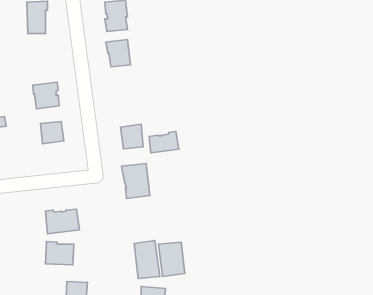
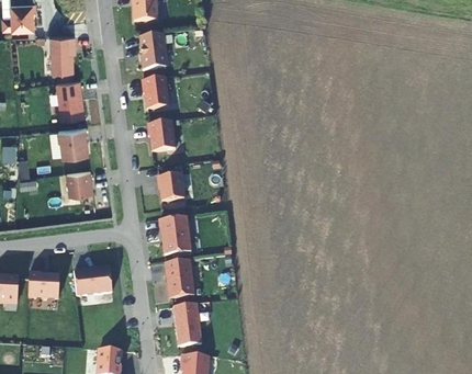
building: none -> [57,78,86,118]
building: none -> [147,121,176,150]
building: [149,132,179,153] -> none
building: [46,241,74,265] -> [27,271,59,297]
building: [159,242,185,276] -> [165,260,194,298]

